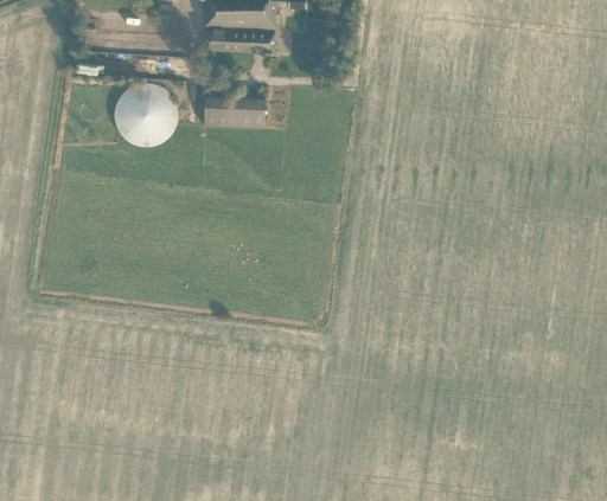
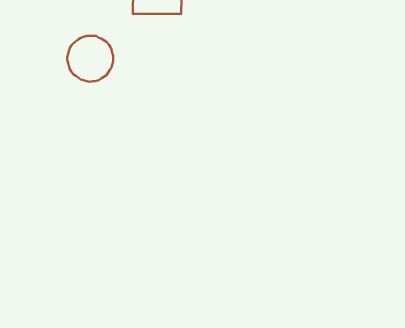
building: [204,95,266,127] -> none

